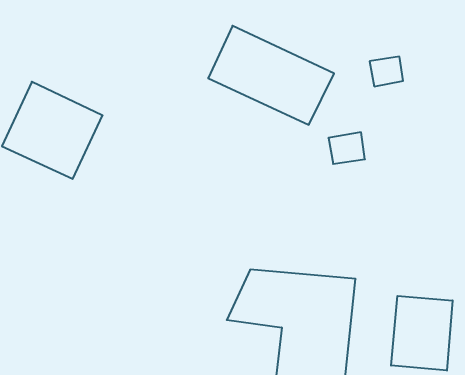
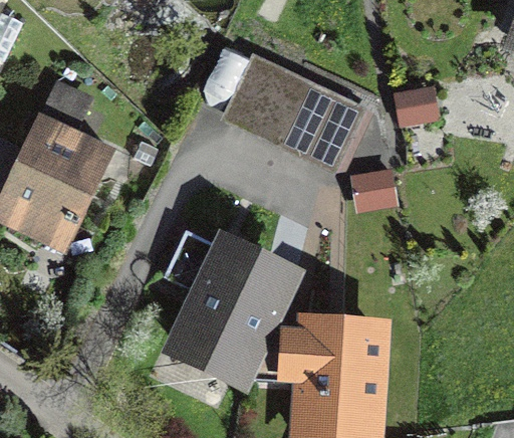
building: none -> [167,233,294,375]
building: [391,296,453,371] -> none

